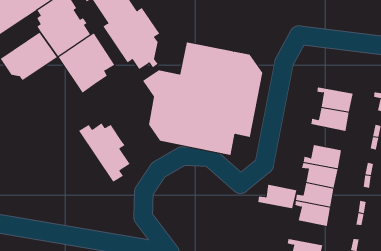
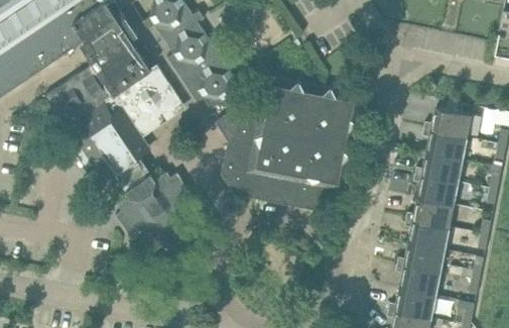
building: none -> [69,93,144,179]
building: none -> [423,106,471,136]
building: none -> [413,173,458,204]
building: none -> [115,181,179,253]
building: [257,184,297,209] -> [388,288,435,317]

